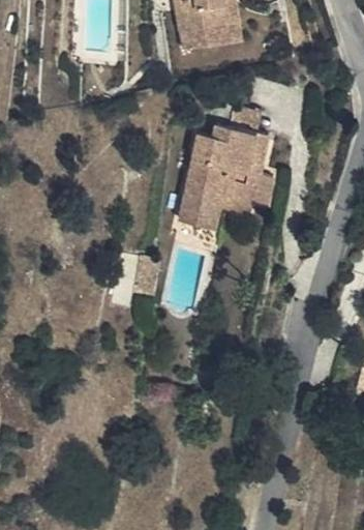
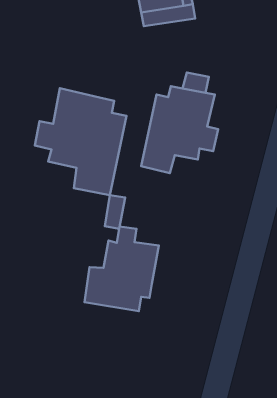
building: none -> [35,88,127,195]
building: none -> [84,227,159,311]

